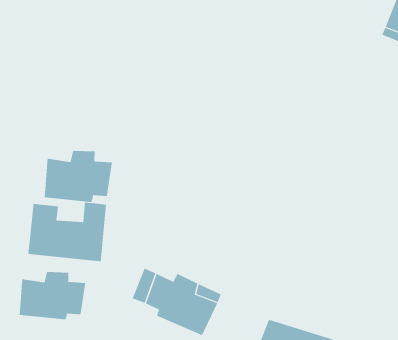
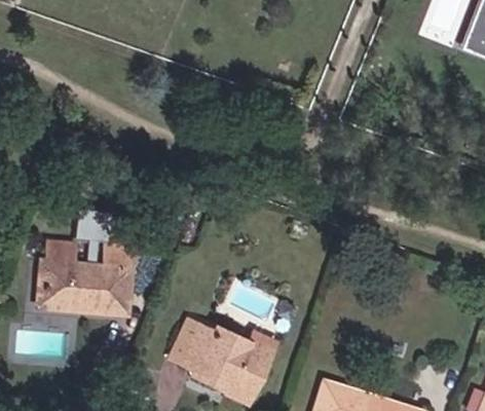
building: [44,150,112,203] -> none
building: [19,271,86,320] -> none

